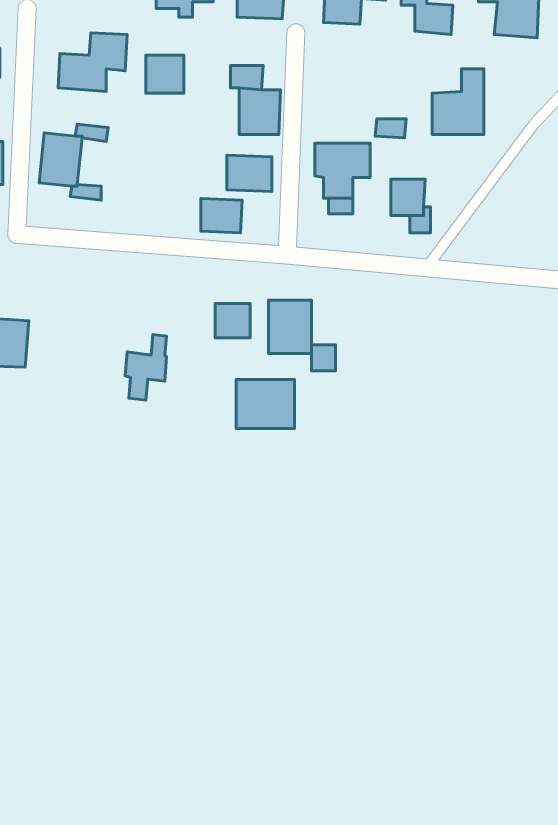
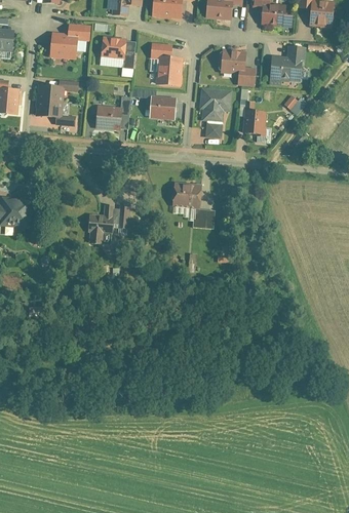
building: none -> [223,50,245,73]
building: [201,199,242,233] -> [96,108,121,128]
building: [215,304,250,338] -> none
building: [236,379,294,429] -> none

